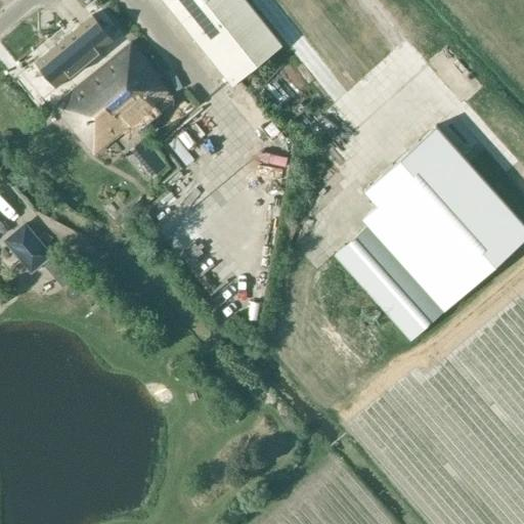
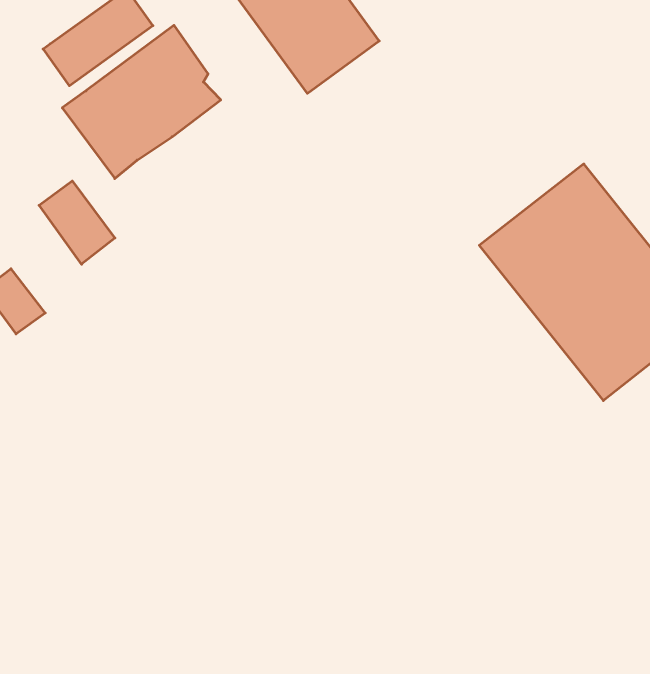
building: none -> [39,181,115,264]
building: [333,222,445,340] -> none

